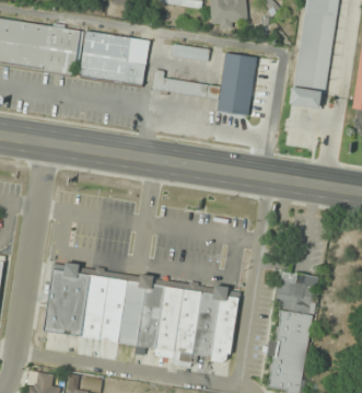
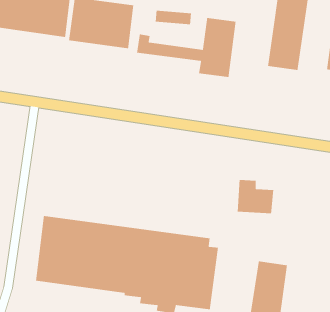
building: [277,273,316,310] -> [237,179,274,214]

